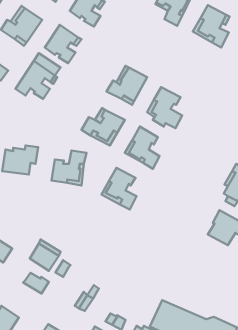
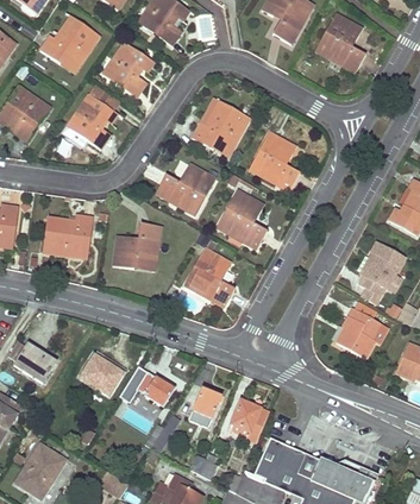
building: none -> [189,390,220,427]
building: [23,273,49,293] -> [137,374,174,404]
building: none -> [230,401,269,442]

